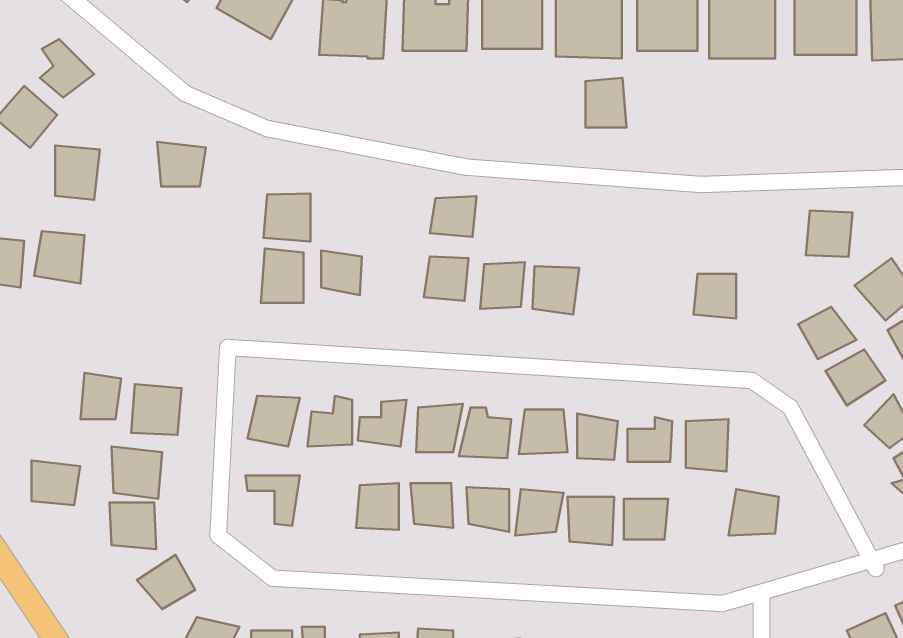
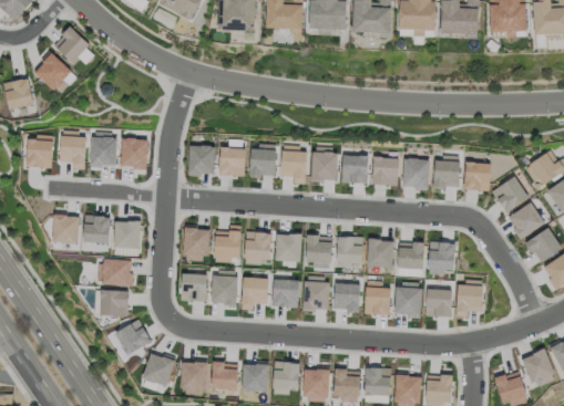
building: [585,78,626,128] -> none
building: [157,142,206,186] -> [121,138,148,164]
building: [55,145,100,200] -> [90,136,115,167]
building: [263,194,310,241] -> none
building: [430,196,476,237] -> [248,148,275,171]
building: [806,210,852,257] -> [463,162,490,188]
building: none -> [372,154,399,183]
building: none -> [404,158,428,187]
building: [32,460,80,505] -> [51,216,79,241]
building: none -> [211,277,235,303]
building: none -> [423,289,449,315]

